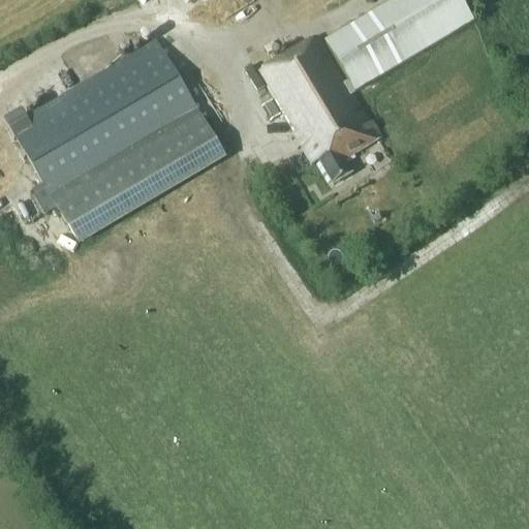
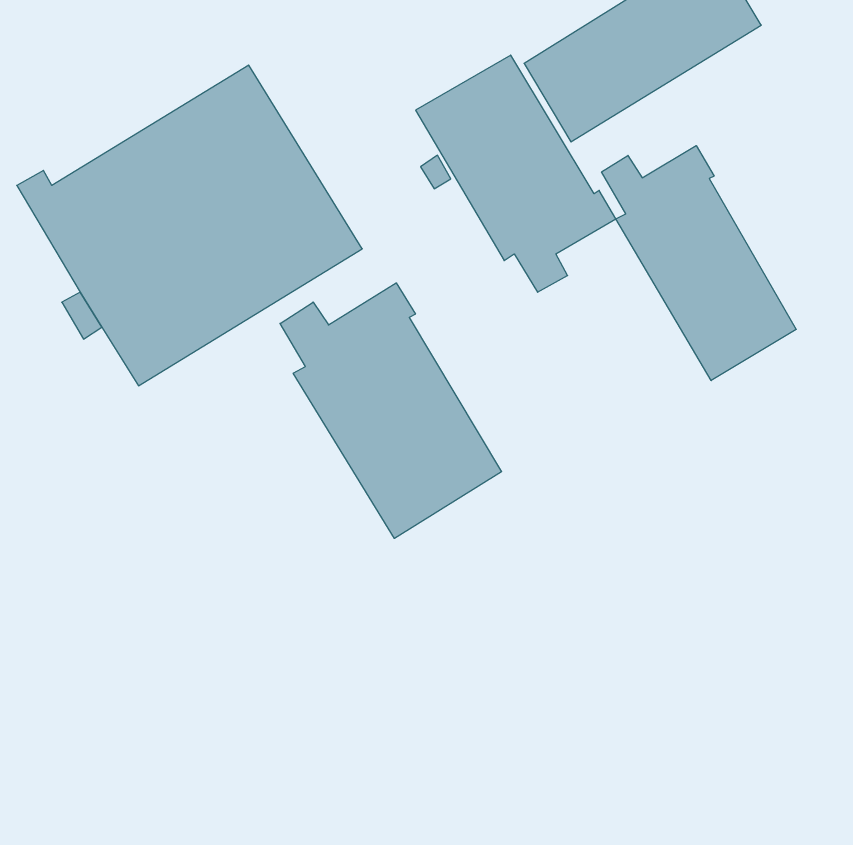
building: none -> [602,146,796,381]
building: none -> [280,283,502,538]

